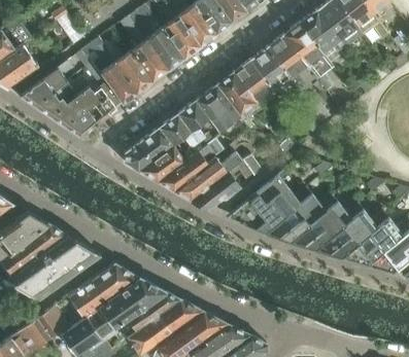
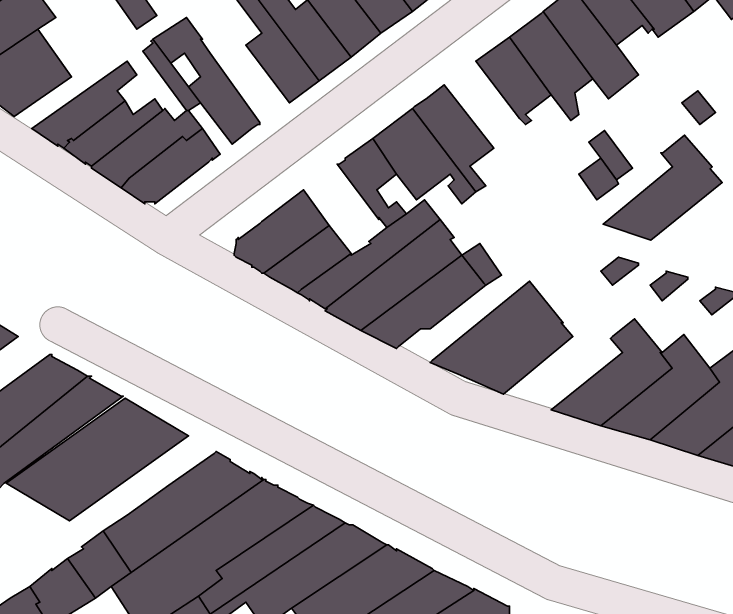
building: [111,50,152,92] -> none
building: [233,60,272,105] -> none
building: [160,113,199,147] -> none
building: [264,186,326,241] -> [603,135,722,240]

